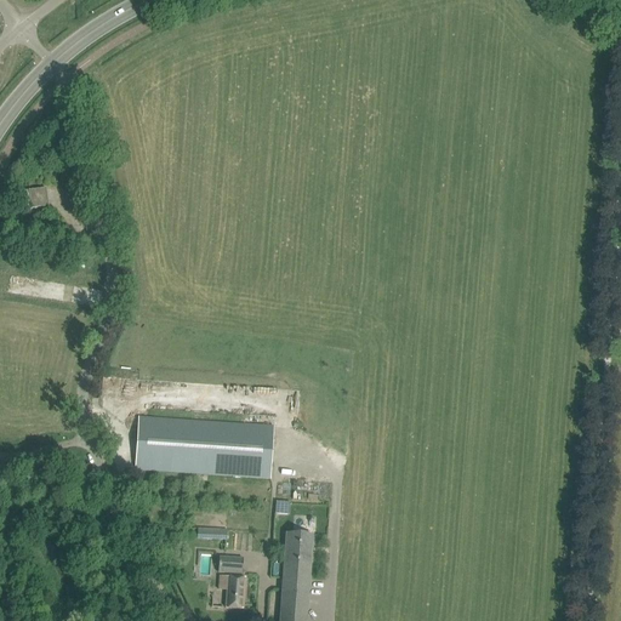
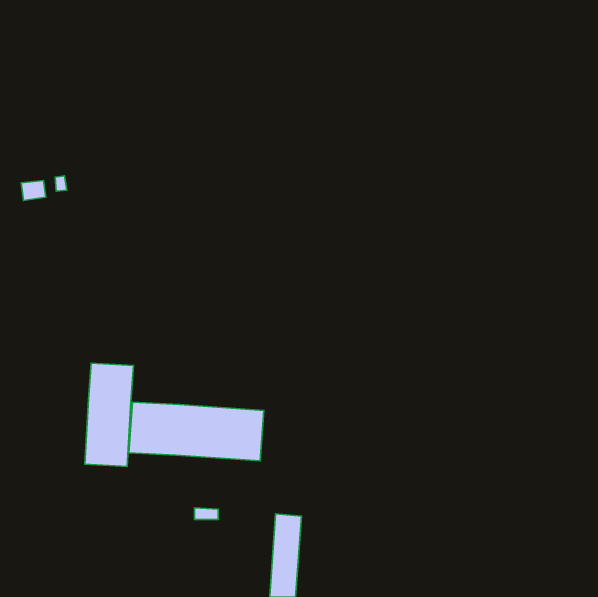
building: none -> [85,363,134,466]
building: [217,556,244,608] -> none

